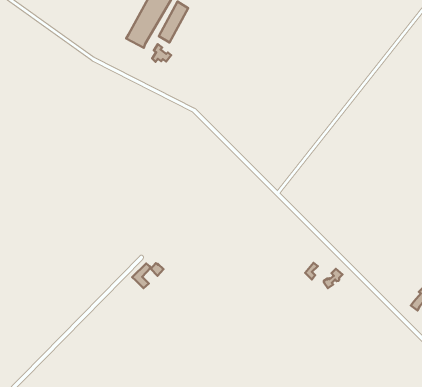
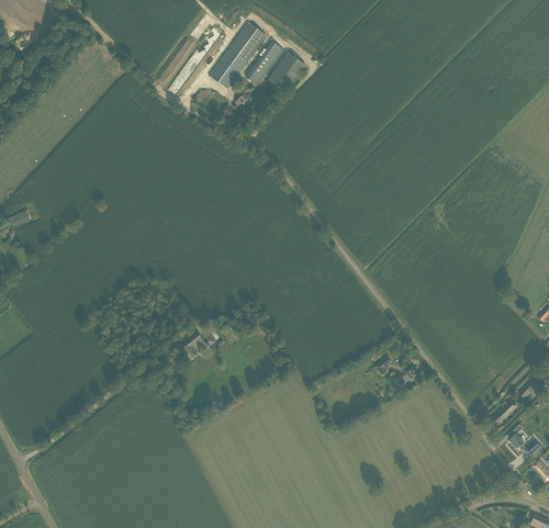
building: none -> [267,52,305,92]

